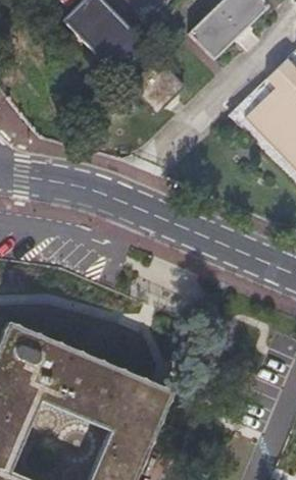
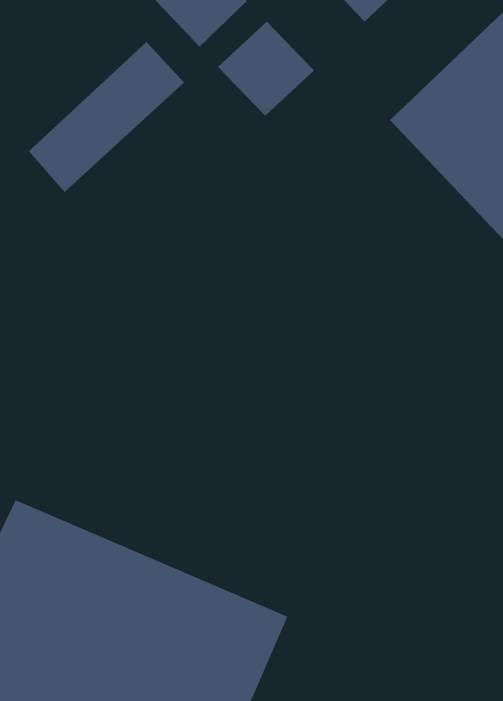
building: none -> [28,41,185,193]

